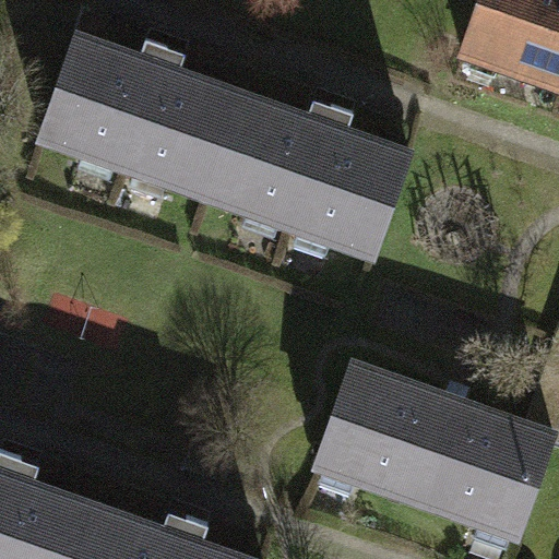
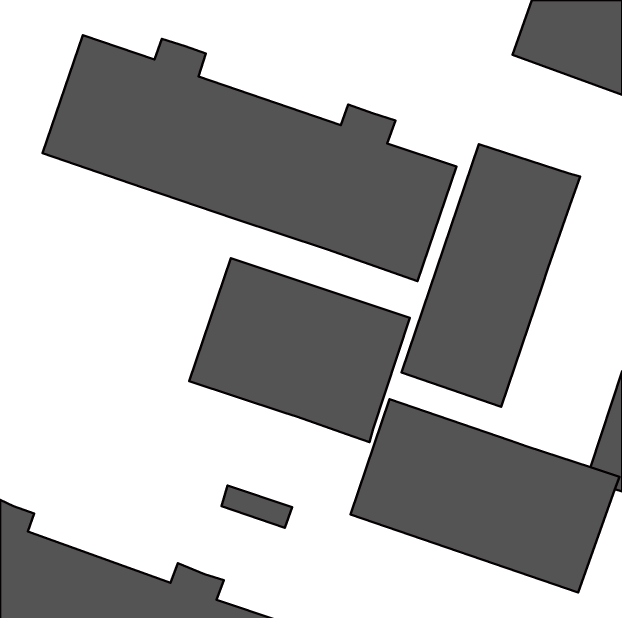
building: none -> [401,144,580,407]
building: none -> [189,258,410,442]

